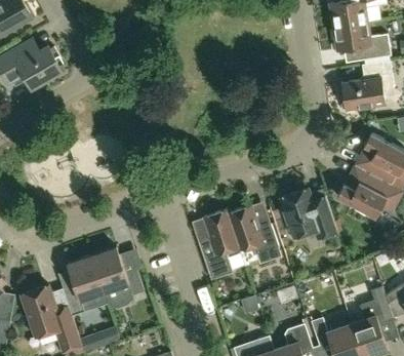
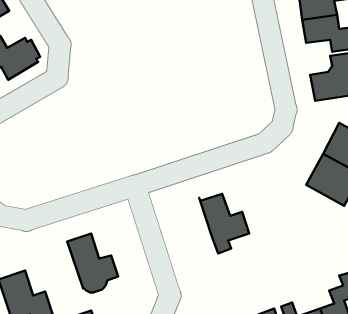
building: [281,189,337,237] -> none
building: [199,209,240,279] -> none
building: [64,254,108,315] -> none

